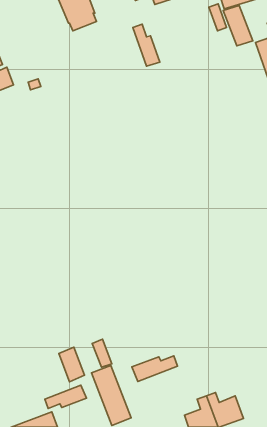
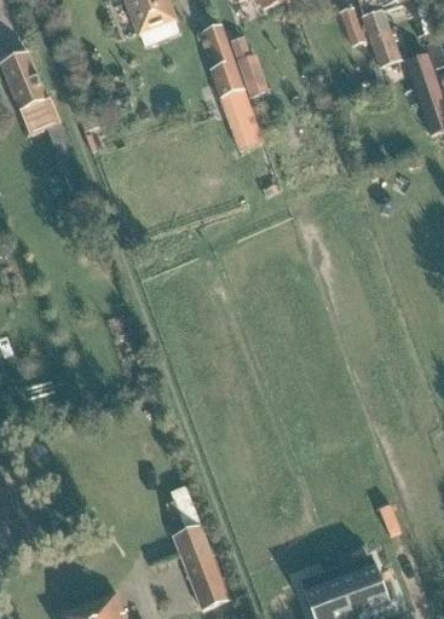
building: none -> [203,24,258,138]
building: [59,347,84,382] -> none
building: [132,356,178,381] -> none
building: [45,385,87,408] -> none

